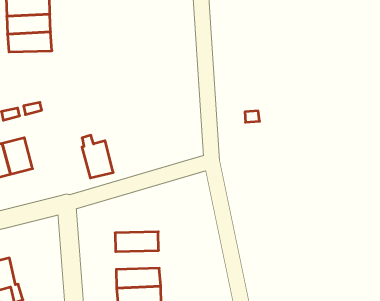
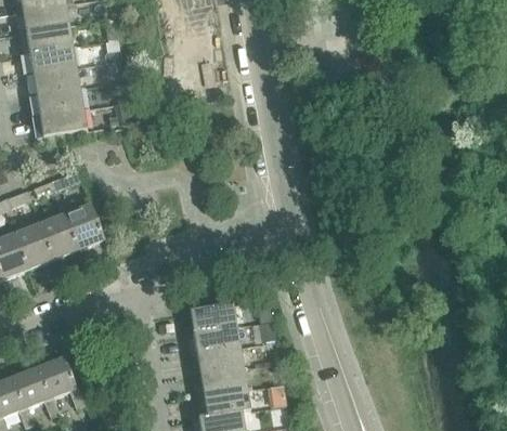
building: none -> [36,107,89,136]
building: [82,135,113,178] -> [65,197,106,247]
building: none -> [188,324,242,352]

